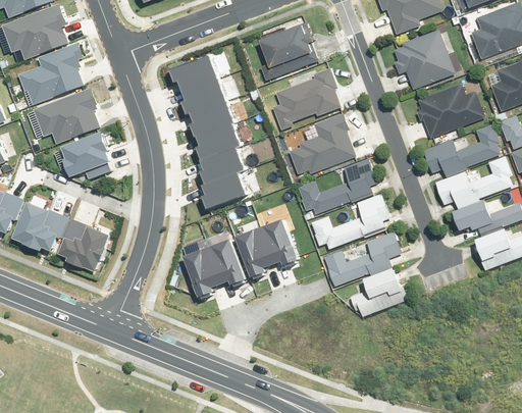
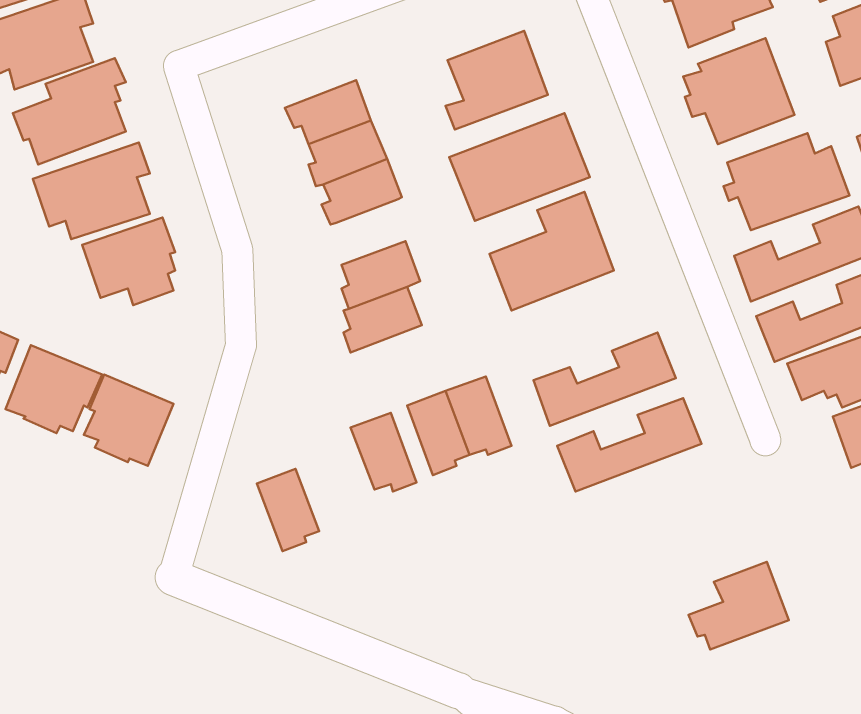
building: [198,120,243,157] -> none
building: [294,163,373,216] -> none
building: [186,248,220,294] -> [257,469,319,551]
building: [350,269,406,318] -> [688,562,789,649]

